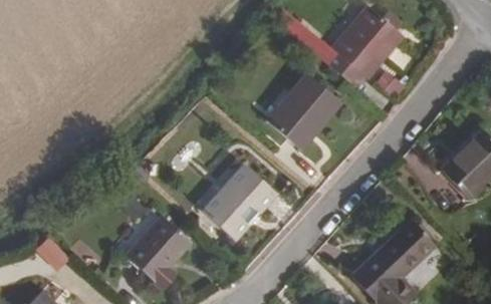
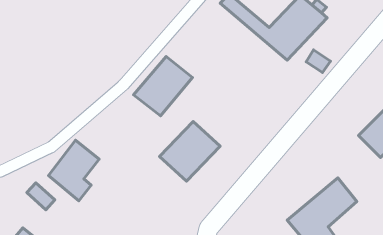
building: [268,71,340,144] -> [133,56,192,116]
building: [120,216,183,290] -> [49,140,99,201]

